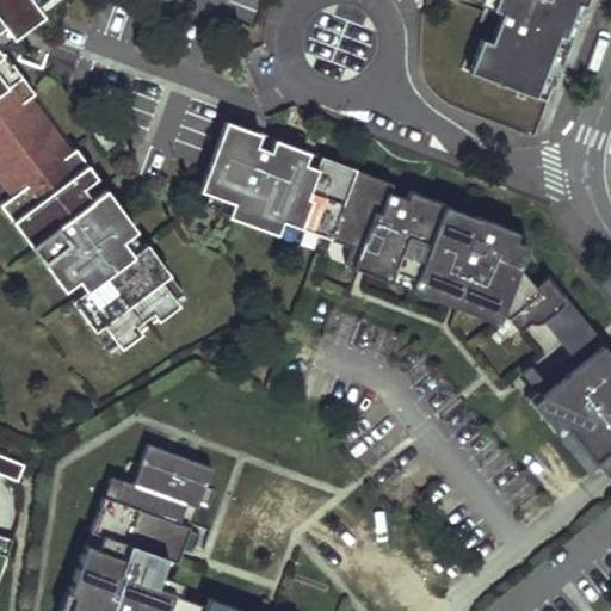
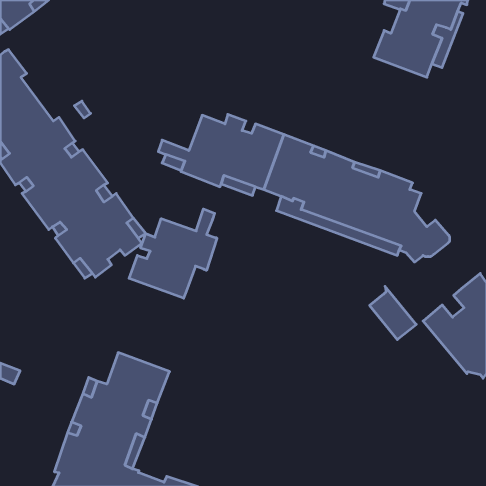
building: [204,121,286,190] -> none
building: none -> [129,209,217,298]
building: [544,296,603,363] -> [370,286,416,340]

